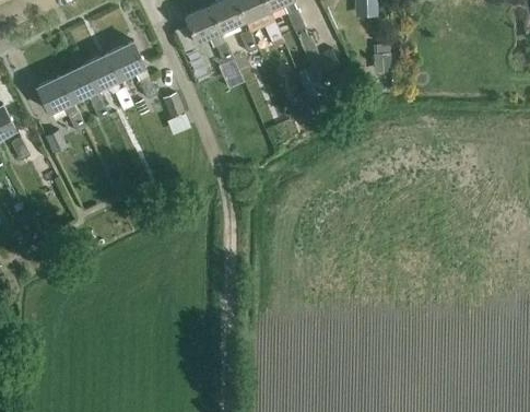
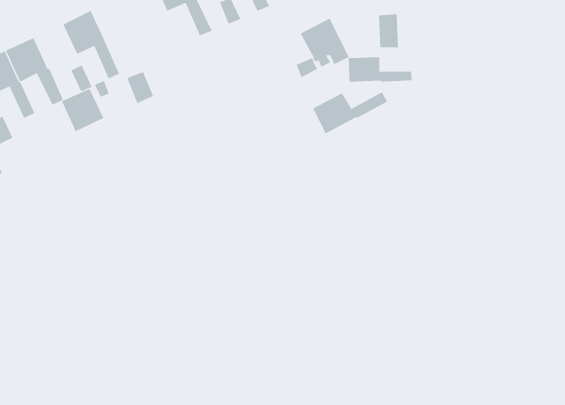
building: [84,54,120,91] -> [61,88,104,133]
building: none -> [348,56,412,83]
building: none -> [312,92,388,134]

